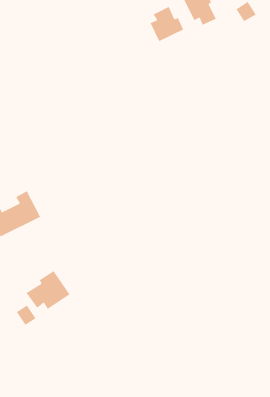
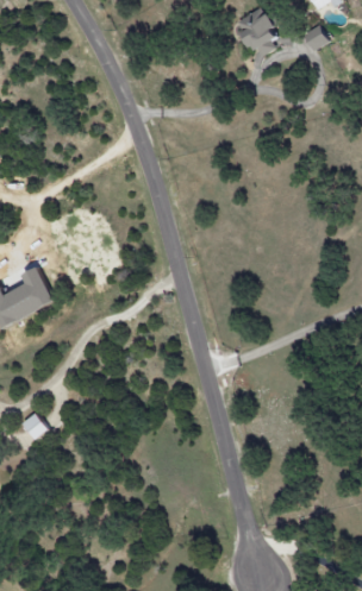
building: [150,6,184,42] -> none
building: [26,270,71,310] -> none

